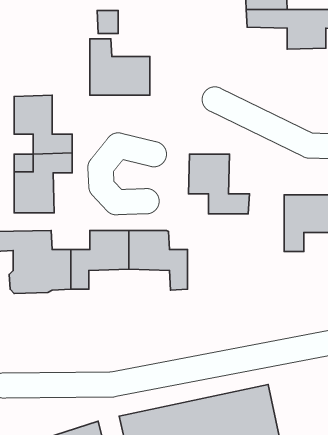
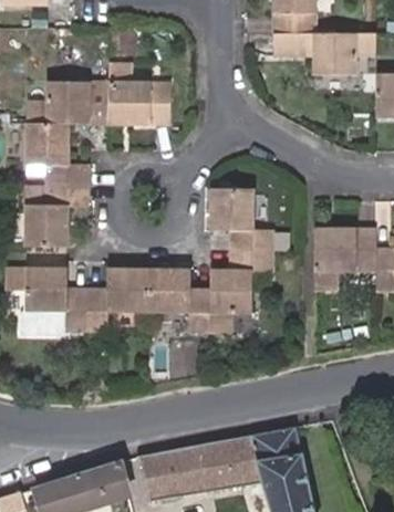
building: none -> [27,83,106,125]
building: none -> [209,249,273,328]

